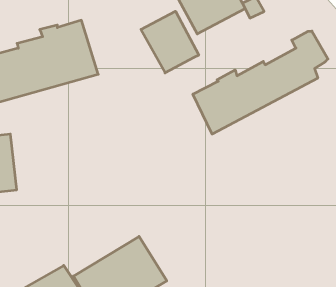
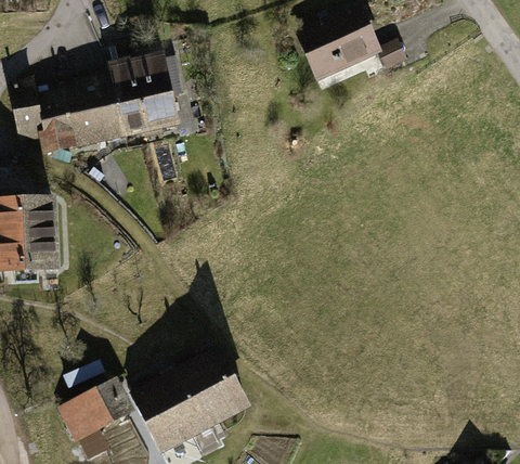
building: [141,11,199,73] -> none
building: [193,31,328,134] -> none

